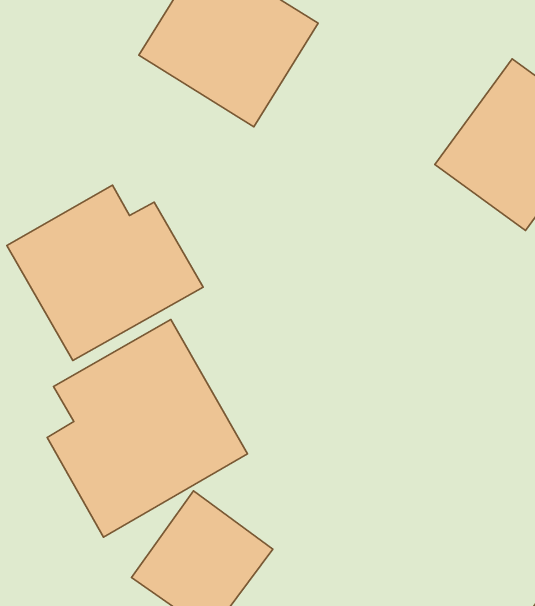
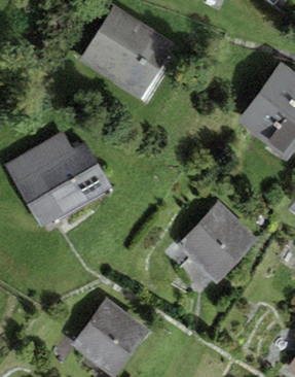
building: none -> [179,202,258,280]
building: [47,319,248,537] -> none

